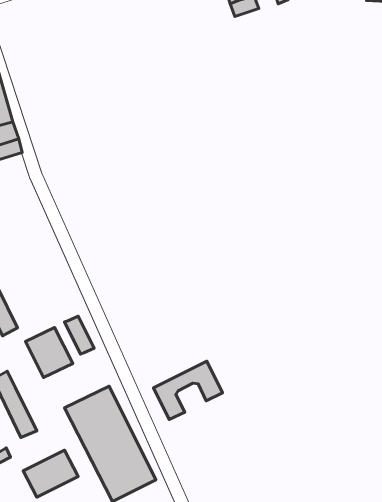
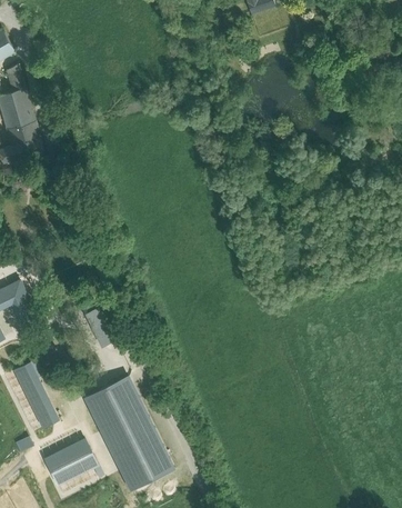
building: [25,327,73,378] -> none
building: [153,361,222,419] -> none

